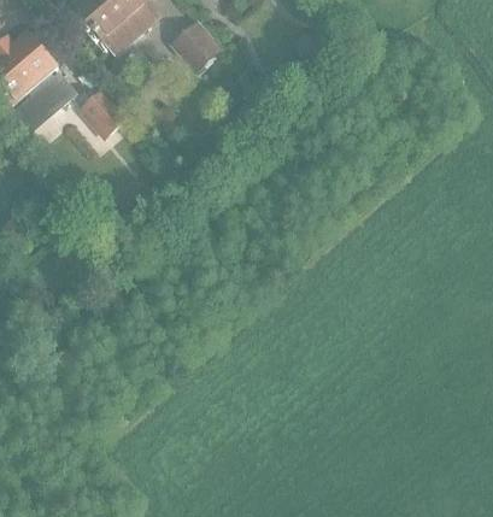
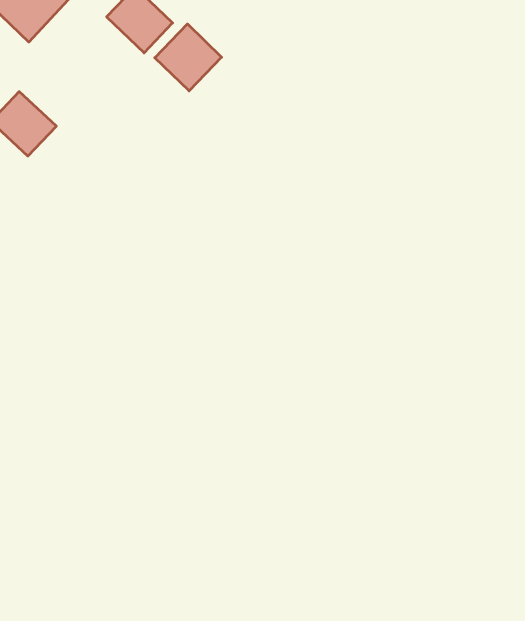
building: none -> [155,24,222,91]

